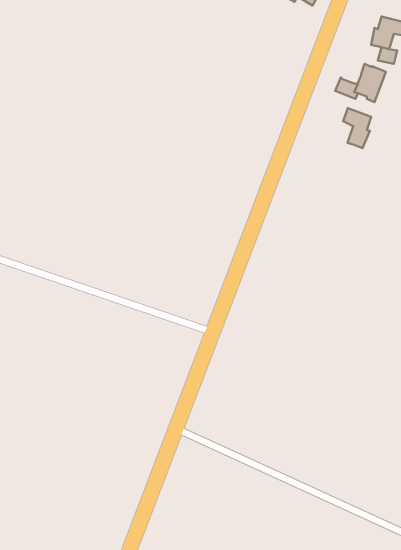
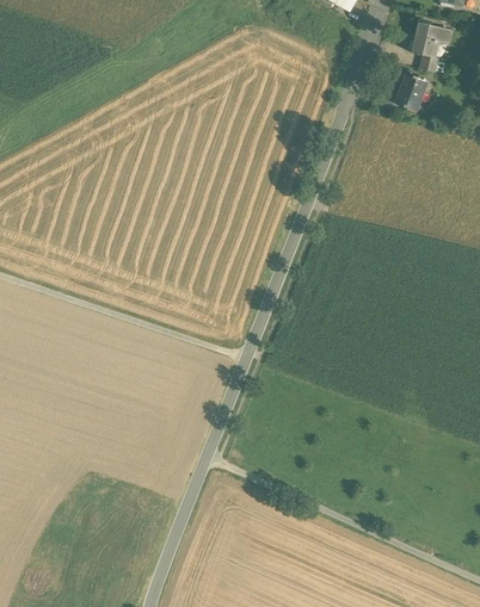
building: [343,108,371,148] -> none

